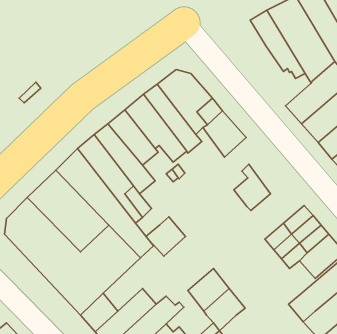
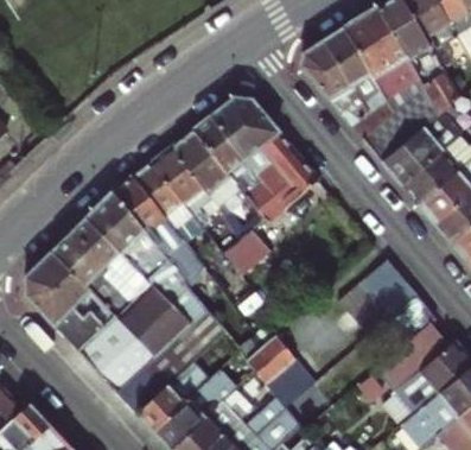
building: none -> [301,37,395,140]
building: [234,164,270,210] -> [247,166,291,222]
building: [146,217,185,256] -> [225,226,273,273]

